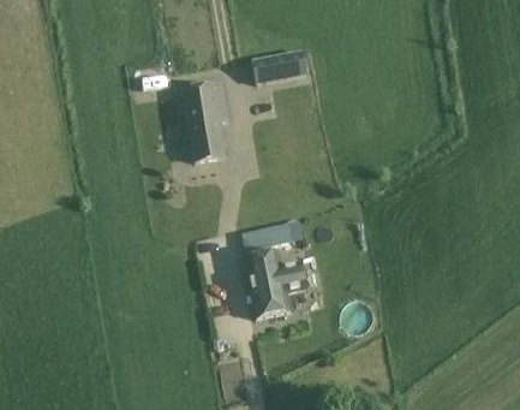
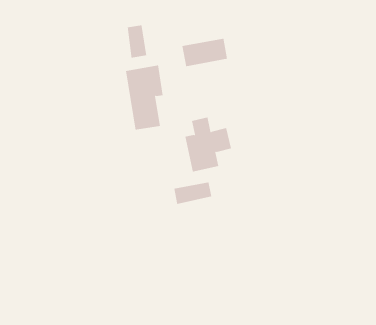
building: none -> [127,24,147,58]
building: [246,250,304,317] -> [184,117,232,172]

